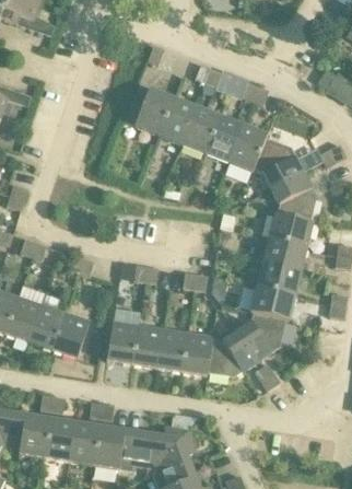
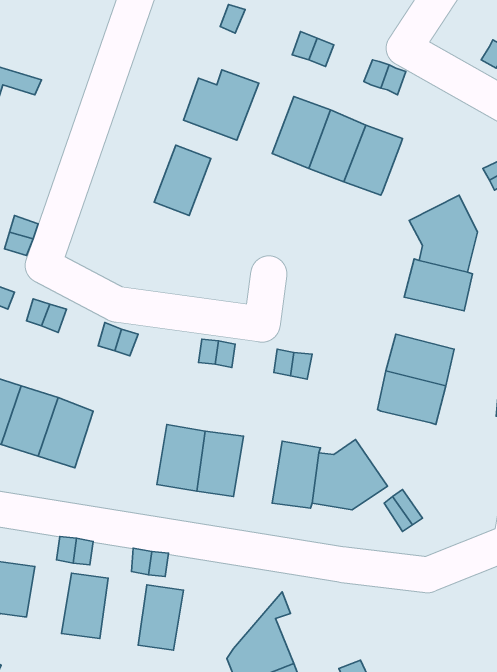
building: [160,97,197,143] -> [154,145,211,216]
building: [255,137,305,187] -> none
building: [263,237,308,271] -> none
building: [54,312,91,358] -> none
building: [237,312,286,361] -> none
building: [157,328,189,372] -> none
building: [20,414,51,457] -> none
building: [70,421,101,465] -> none
building: [118,427,189,470] -> none

